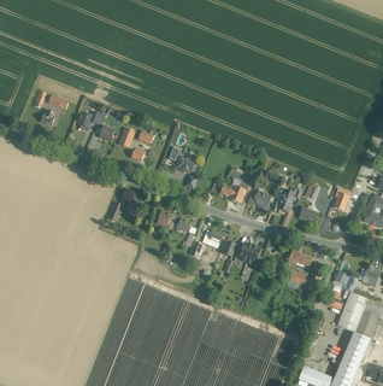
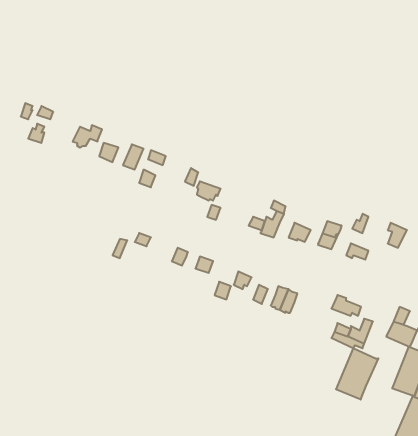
building: none -> [336,348,378,400]

